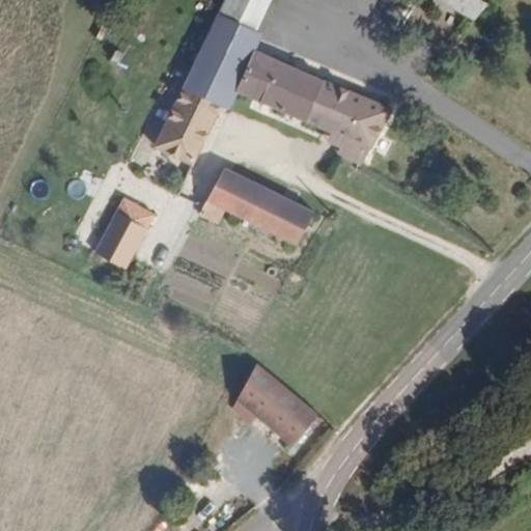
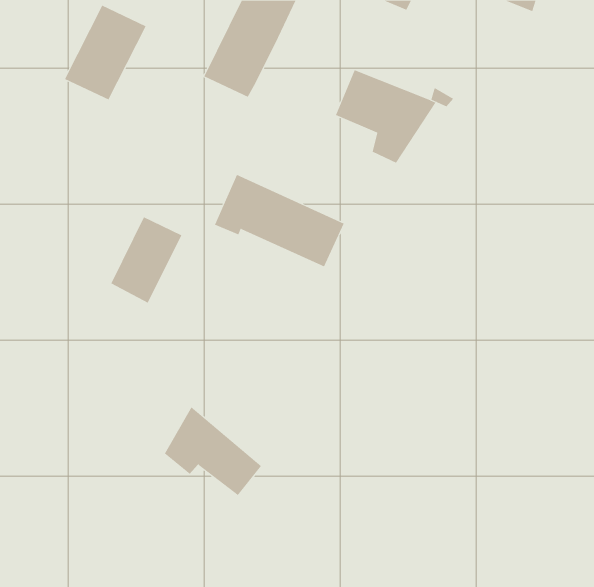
building: [232,46,318,114] -> none
building: [152,80,225,164] -> [64,5,146,100]
building: [230,365,316,444] -> [164,406,262,496]

